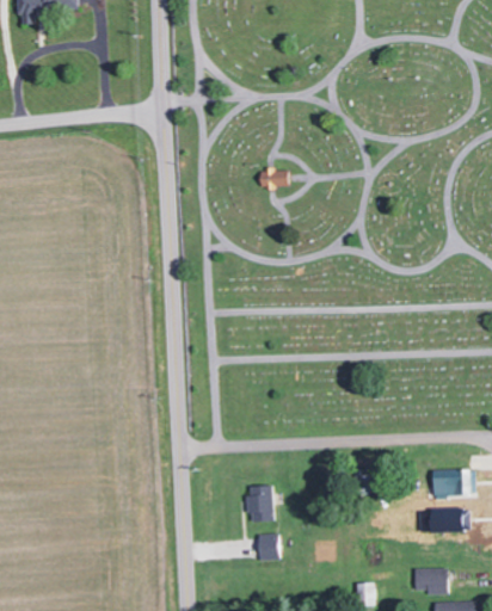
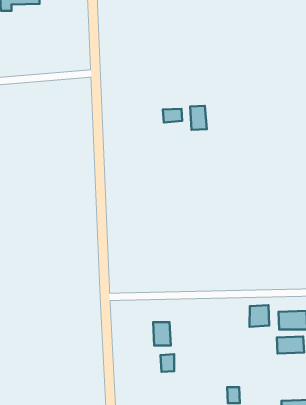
building: none -> [190,106,207,130]
building: none -> [250,305,269,327]
building: [414,568,447,594] -> none

